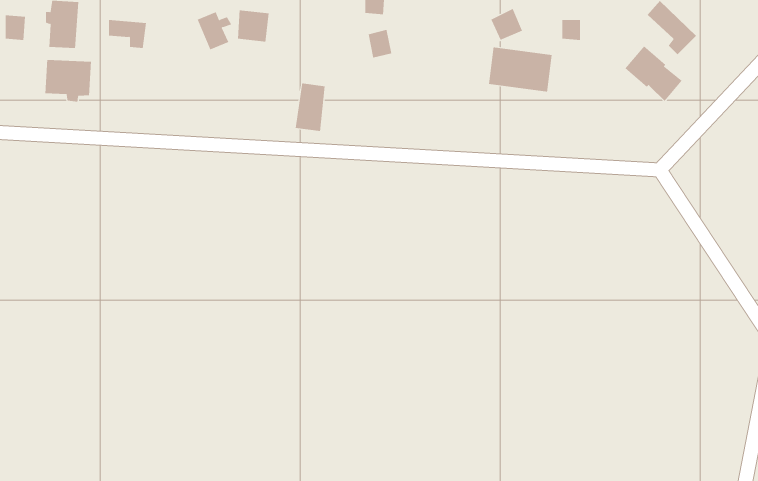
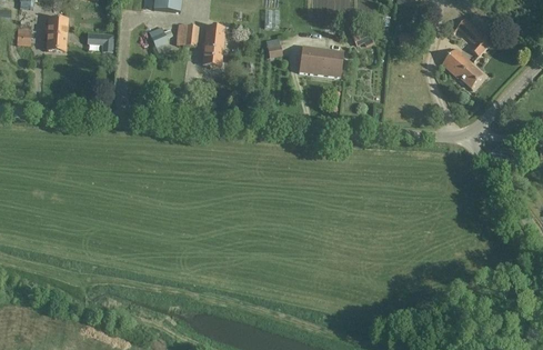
building: [488,47,553,92] -> [298,46,342,77]
building: [45,59,92,103] -> none
building: [295,83,326,131] -> [201,32,222,66]

